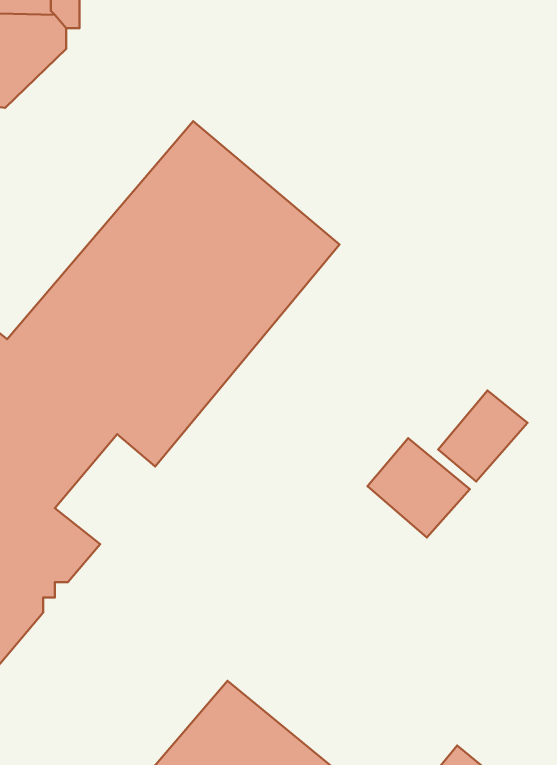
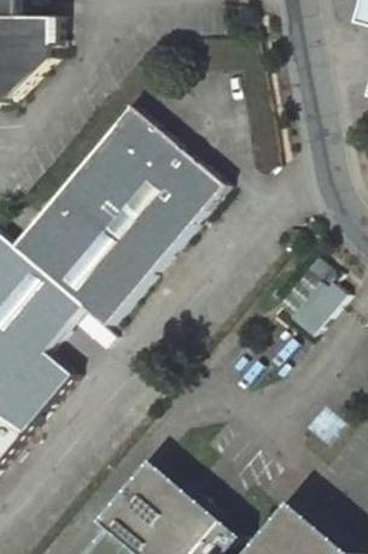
building: [367,438,470,538] -> none

